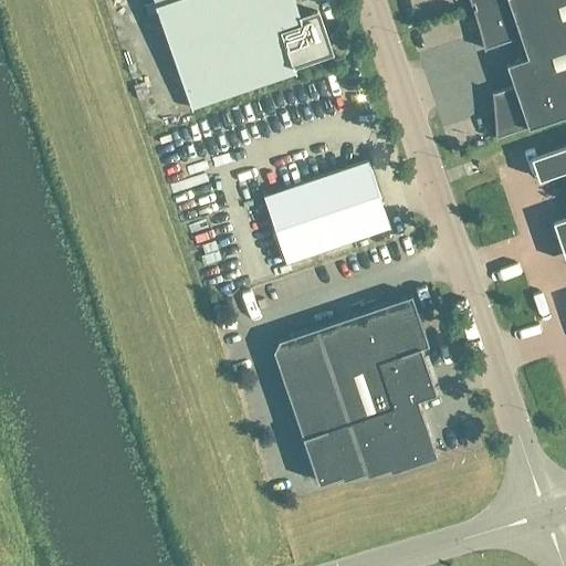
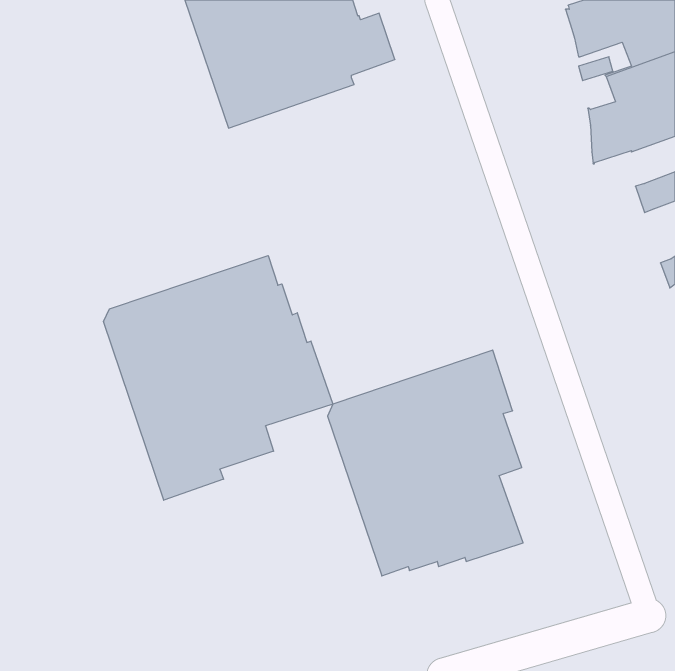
building: [263,163,390,265] -> none
building: none -> [104,256,333,500]

